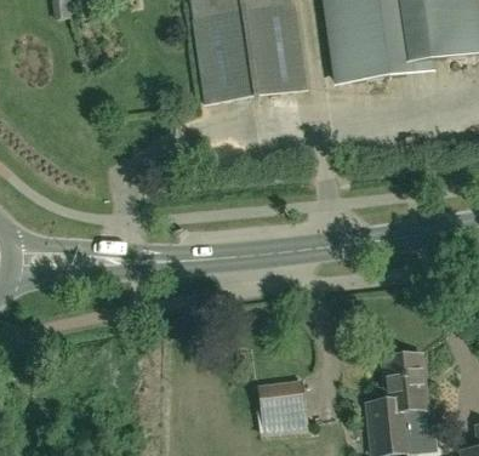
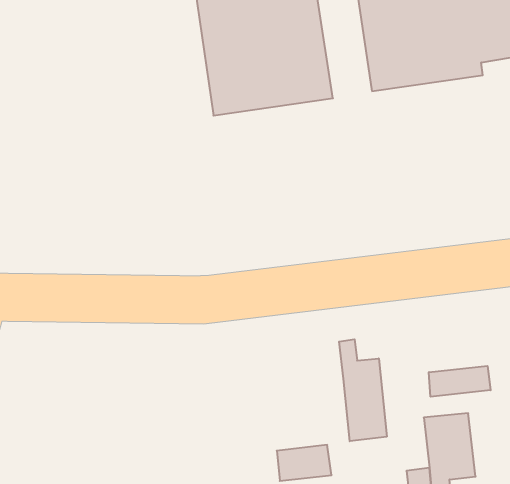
building: none -> [339,339,387,441]
building: none -> [429,366,491,397]

